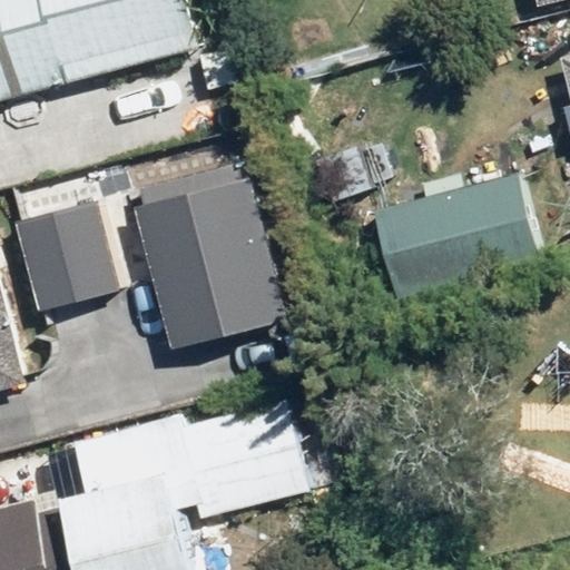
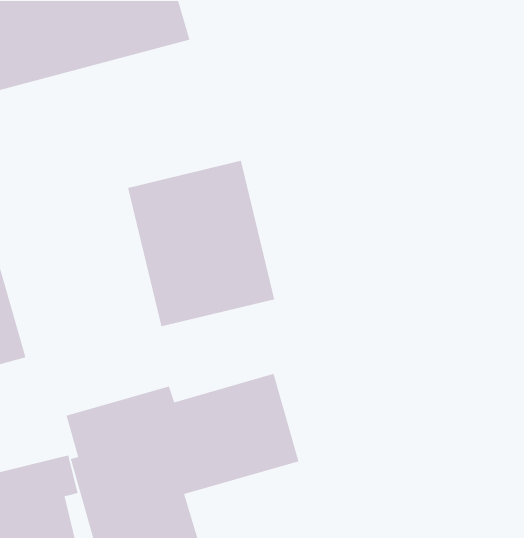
building: [376,176,544,296] -> none
building: [14,197,120,306] -> none

